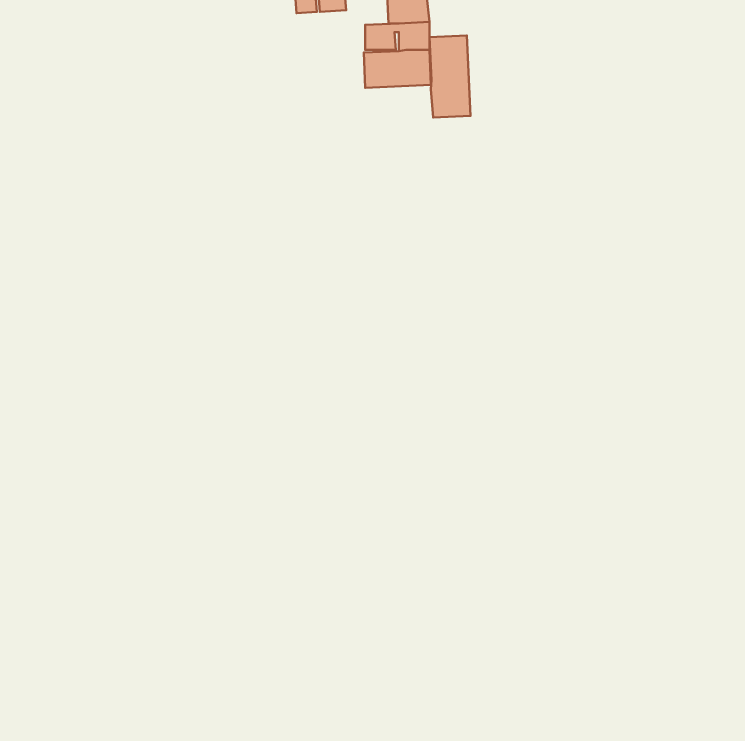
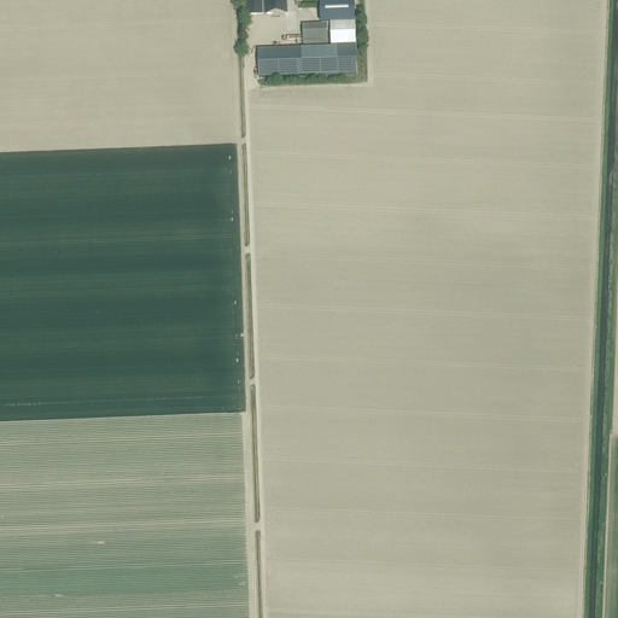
building: [429,35,470,118] -> none
building: none -> [257,43,302,74]

